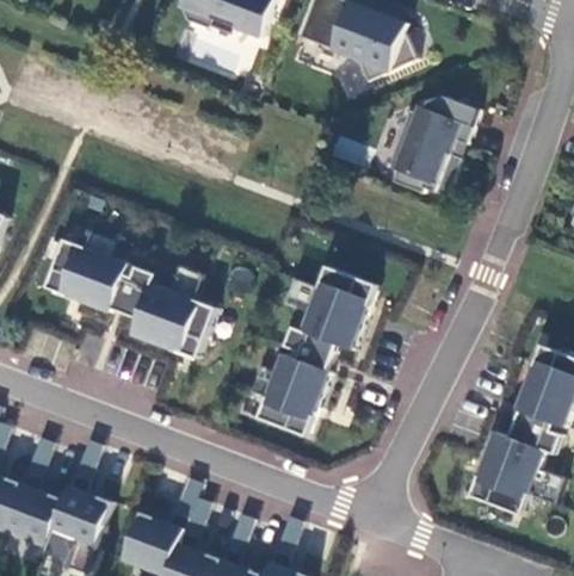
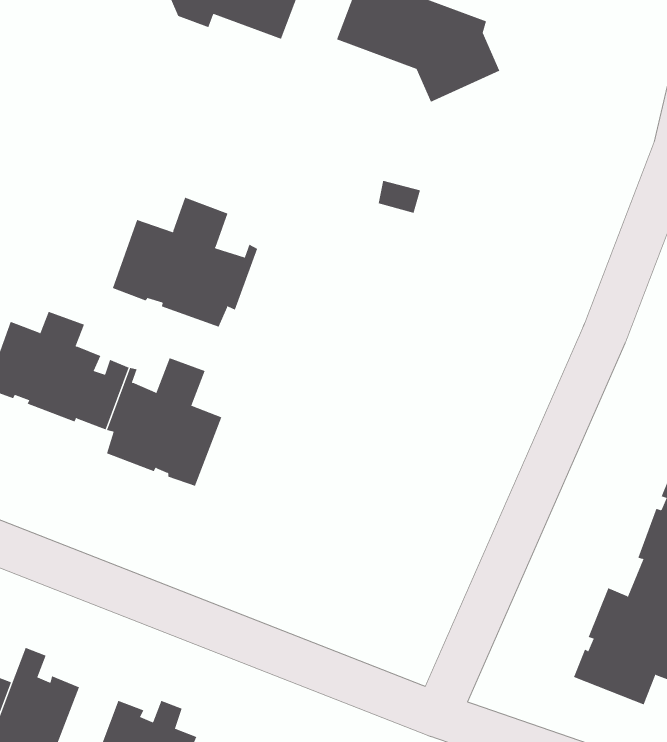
building: [385,97,476,196] -> none
building: none -> [112,197,258,328]
building: [248,265,376,435] -> none

